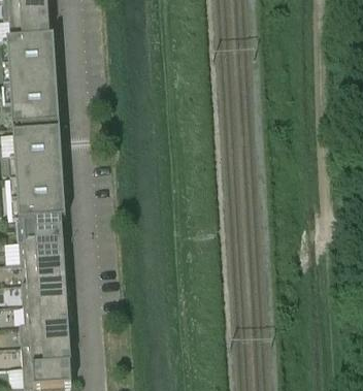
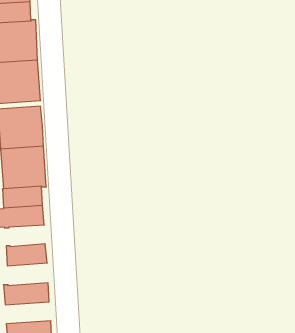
building: [25,259,64,283] -> none
building: [23,300,67,325] -> none
building: [21,343,70,366] -> none

